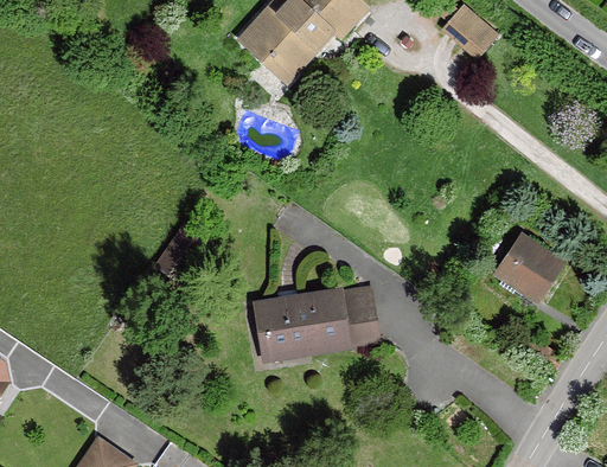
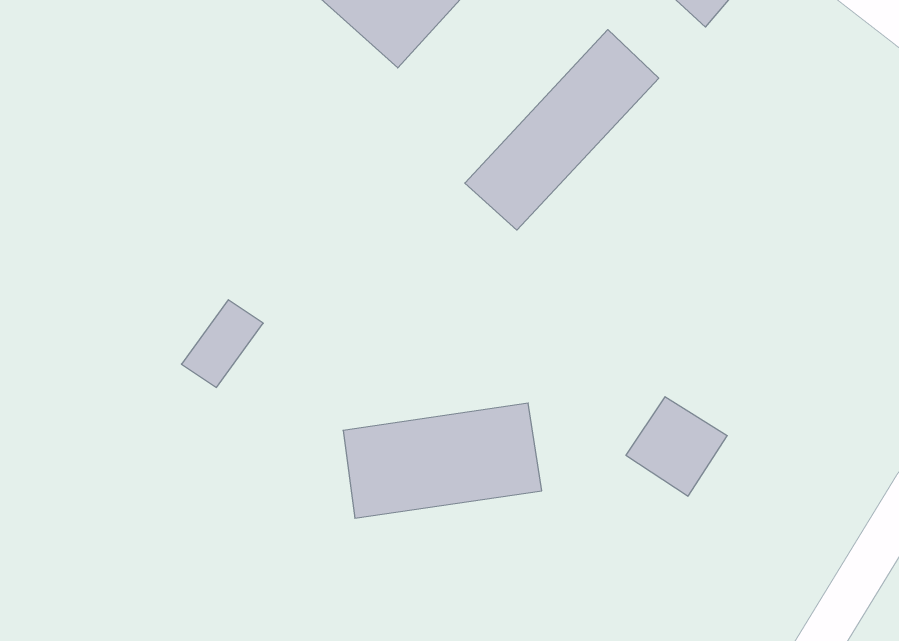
building: none -> [465,30,659,230]
building: [496,237,557,298] -> [626,397,727,496]

